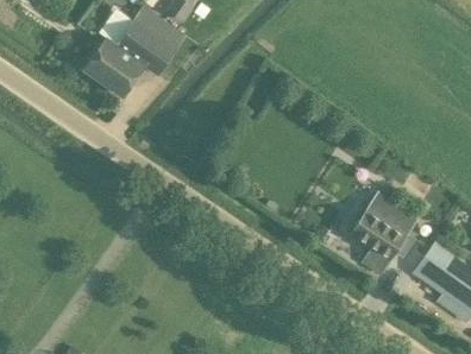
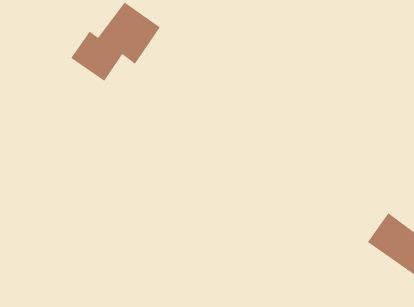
building: [350,191,417,274] -> none

